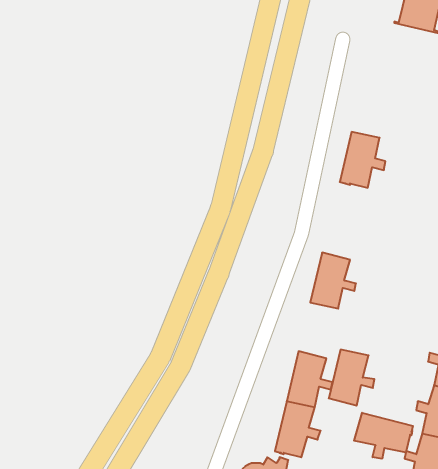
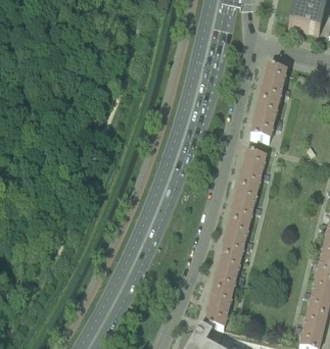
building: none -> [258,62,290,101]
building: none -> [238,146,270,186]
building: [329,350,374,406] -> [222,215,253,254]
building: [354,413,413,459] -> none

